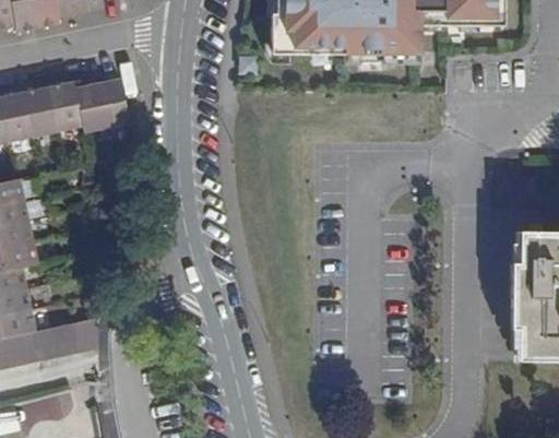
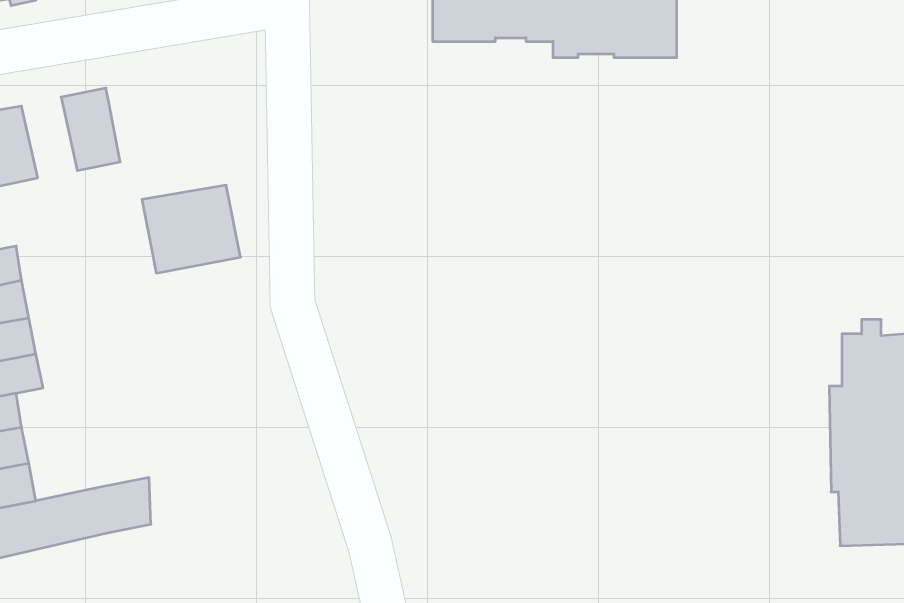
building: [72,78,132,131] -> [142,185,241,273]
building: [20,86,53,135] -> none

